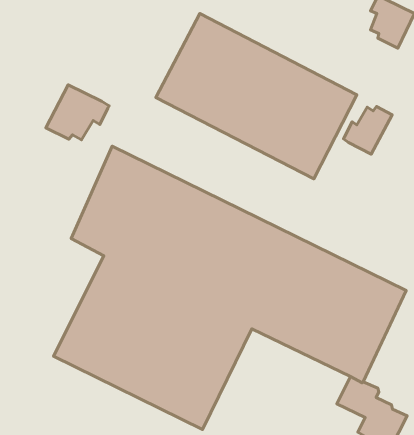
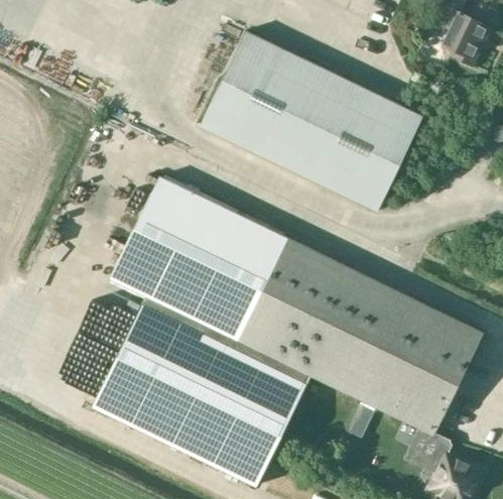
building: [46,85,109,140] -> none
building: [343,107,392,154] -> none

